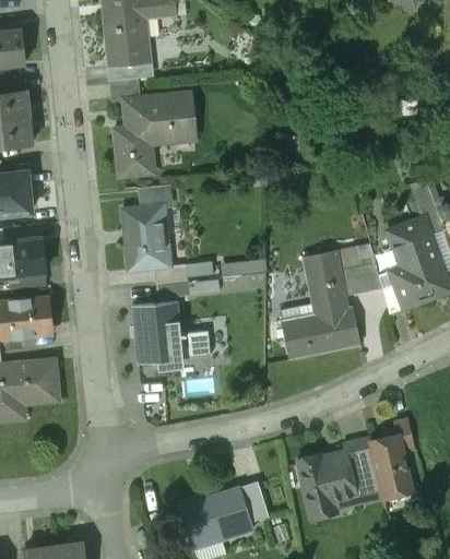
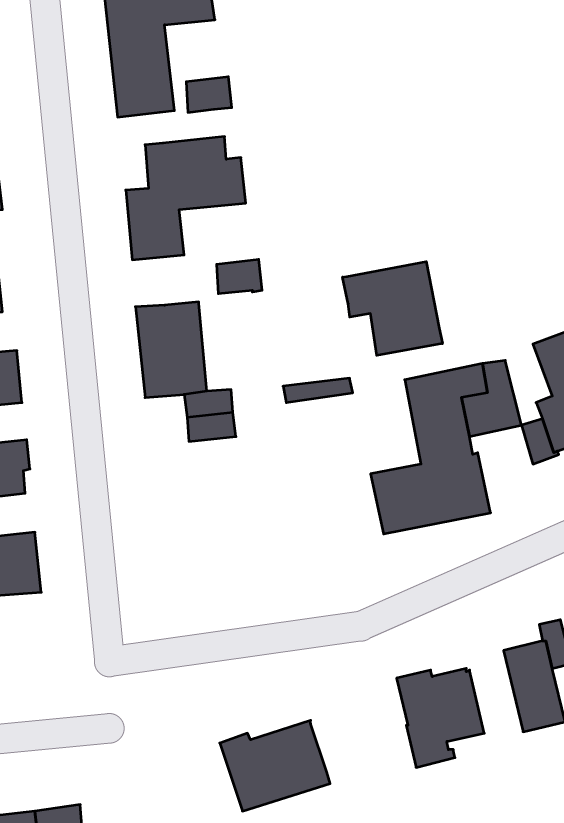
building: [110,78,141,102] -> [186,77,232,112]
building: none -> [343,262,442,355]
building: [141,185,171,207] -> [217,259,262,294]
building: [133,301,212,362] -> none
building: [332,439,384,508] -> none
building: [240,483,270,522] -> none

